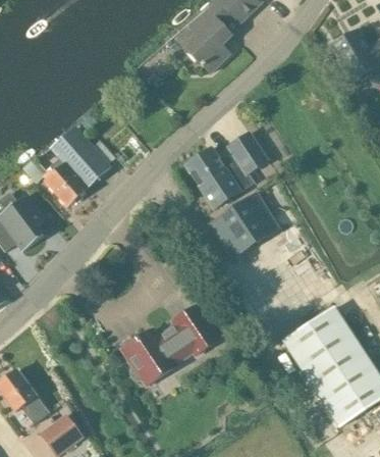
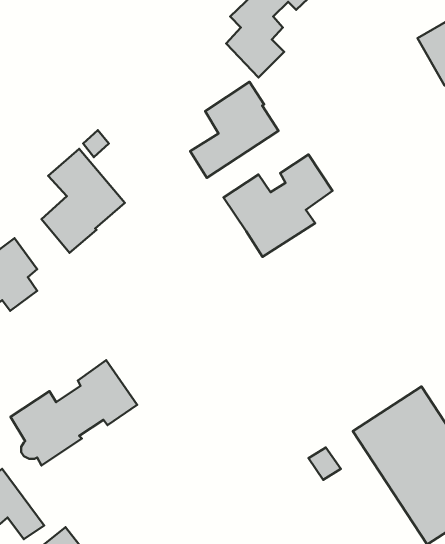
building: none -> [190,82,278,178]
building: [209,191,278,257] -> none
building: [121,305,217,385] -> [10,360,137,466]

